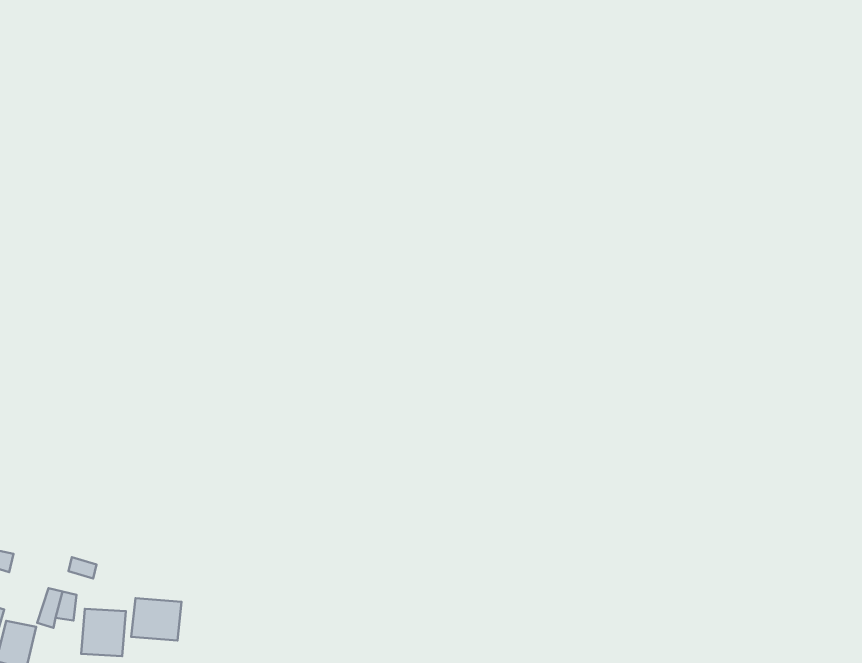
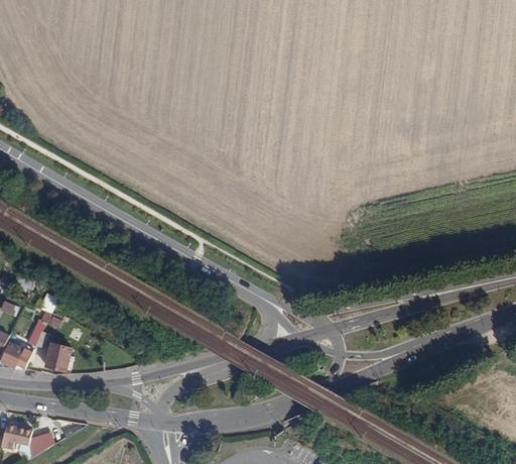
building: [131,598,181,641] -> none

